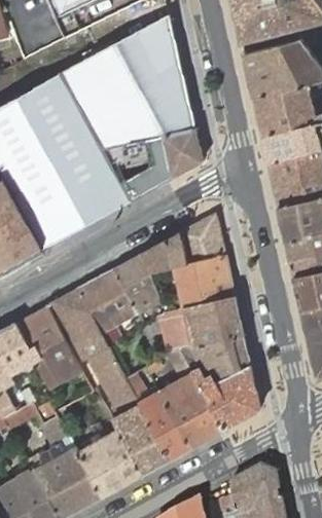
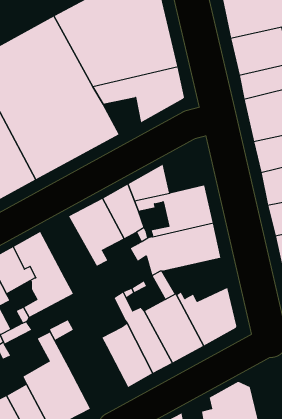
building: [179,213,224,264] -> none
building: [53,289,138,412] -> none
building: [187,334,249,381] -> none
building: [77,430,141,497] -> none

